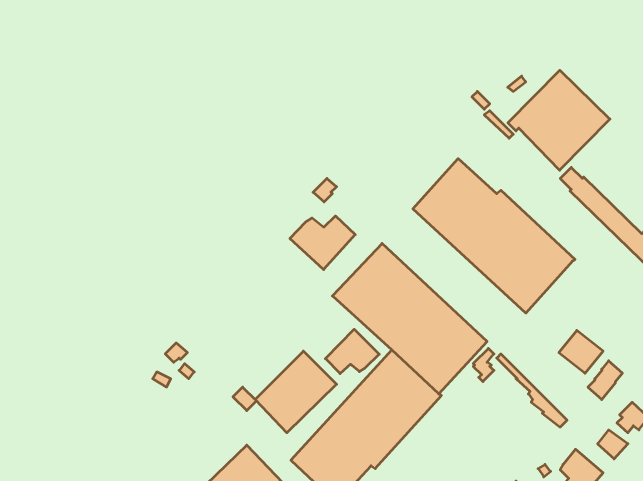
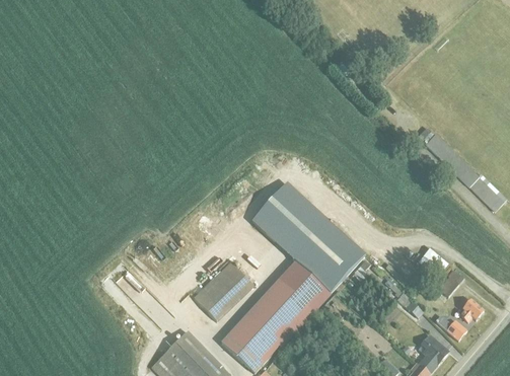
building: [508,70,610,170] -> none
building: [413,159,575,313] -> none
building: [290,216,355,270] -> none
building: [325,329,379,374] -> none

